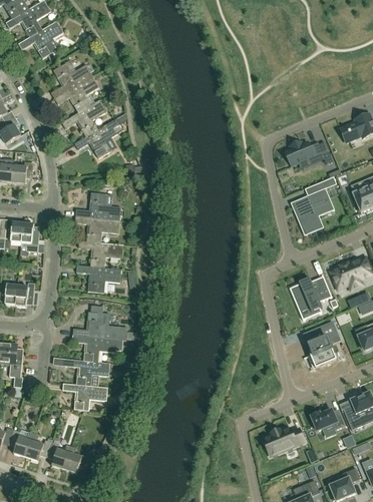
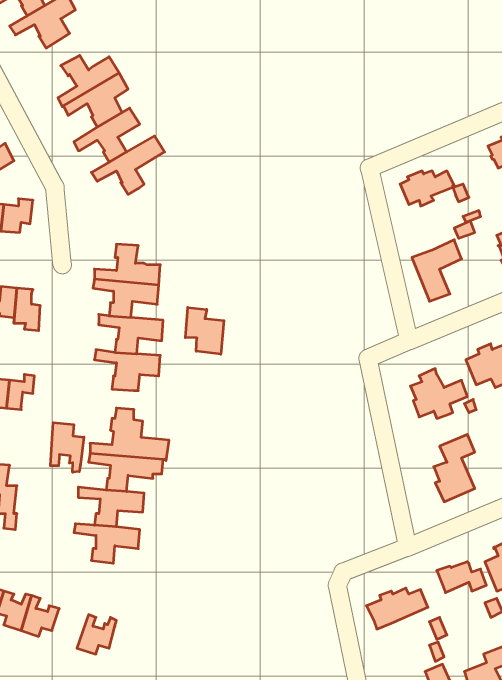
building: none -> [185,307,224,354]
building: none -> [50,423,84,472]
building: [46,442,71,469] -> none

